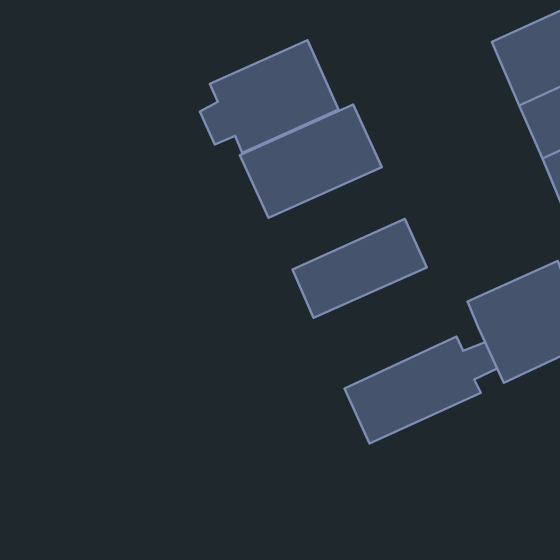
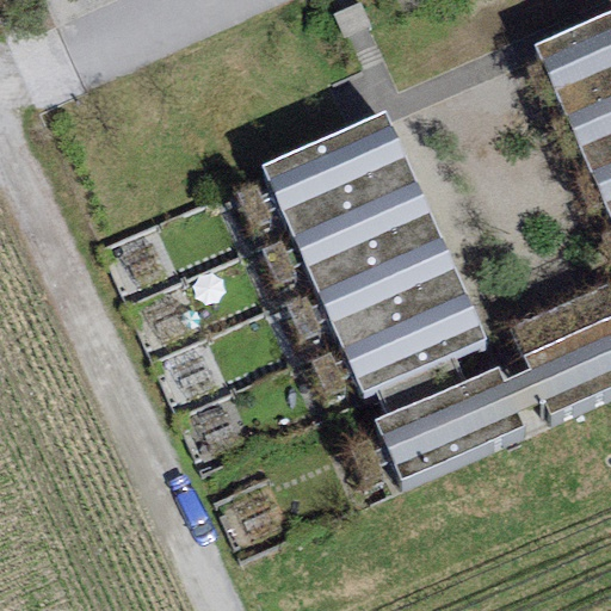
building: [200,40,338,153] -> none
building: none -> [294,181,442,292]
building: none -> [342,290,487,393]

